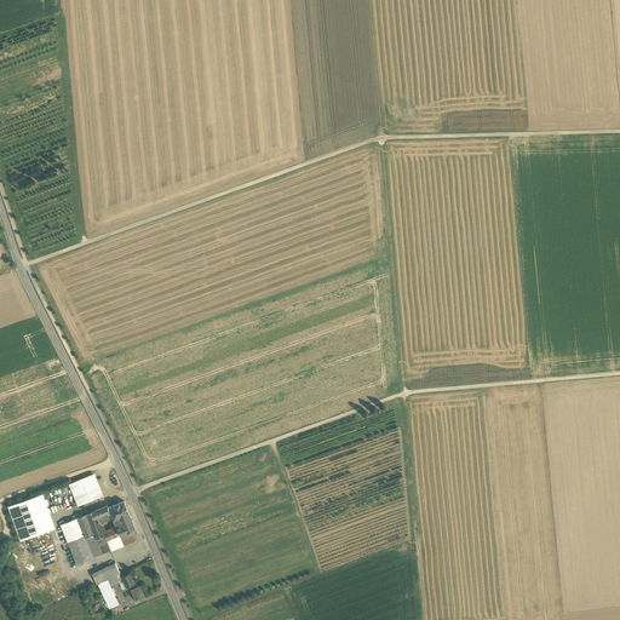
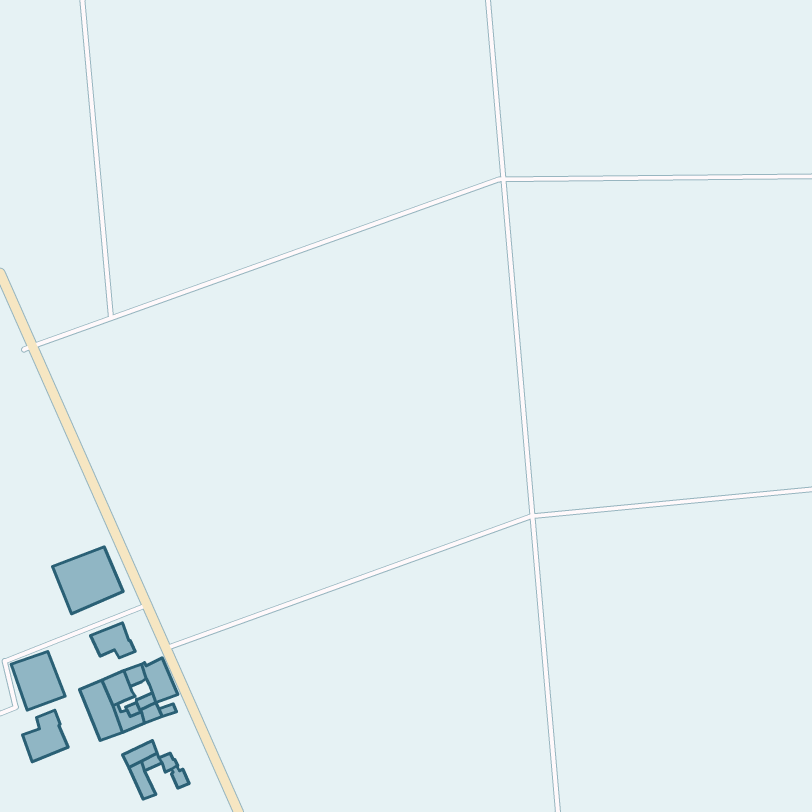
building: none -> [52,547,123,614]
building: none -> [23,710,68,762]

